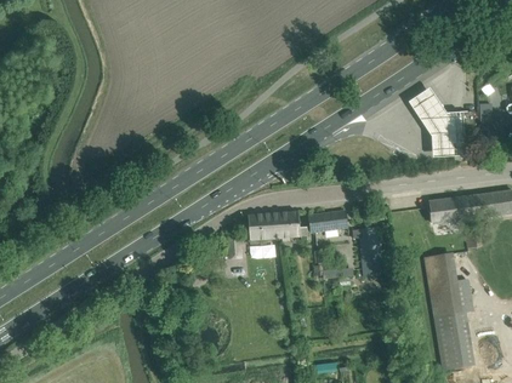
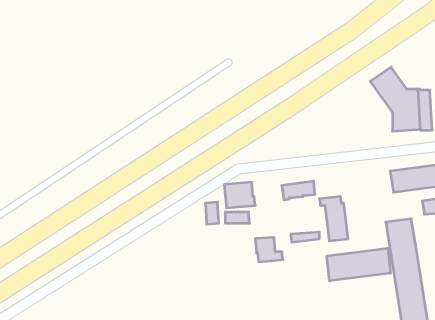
building: [278,211,308,238] -> [255,237,283,262]
building: none -> [327,248,390,281]

